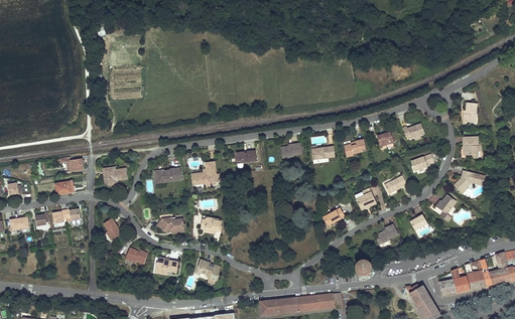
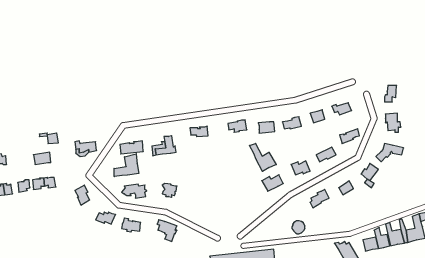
building: none -> [249,143,276,171]
building: none -> [114,154,139,177]

